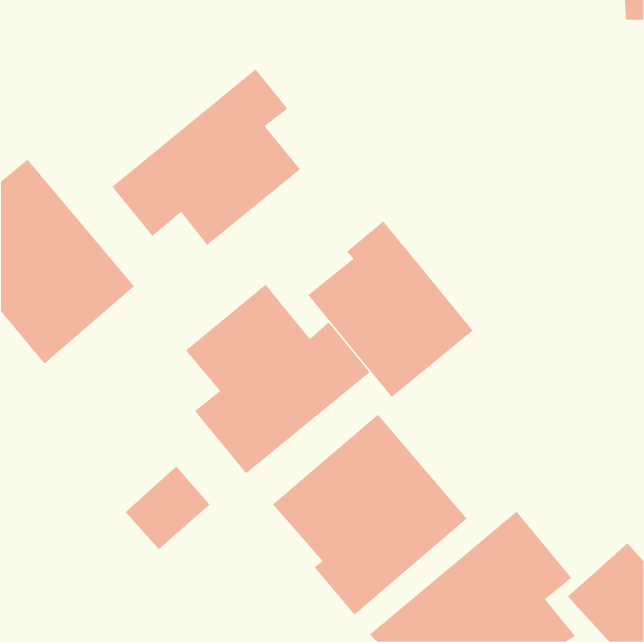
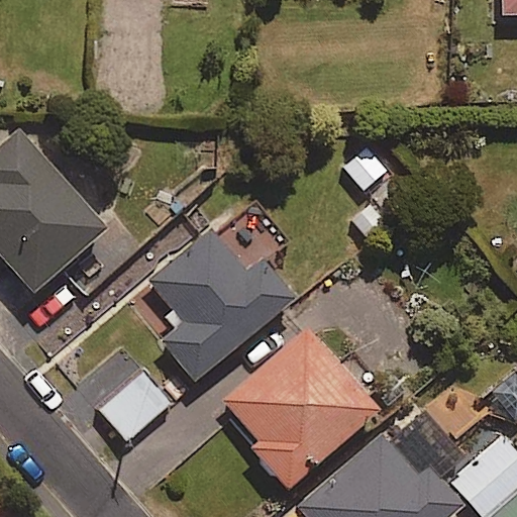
building: [112,68,301,246] -> none
building: [308,221,473,398] -> none

